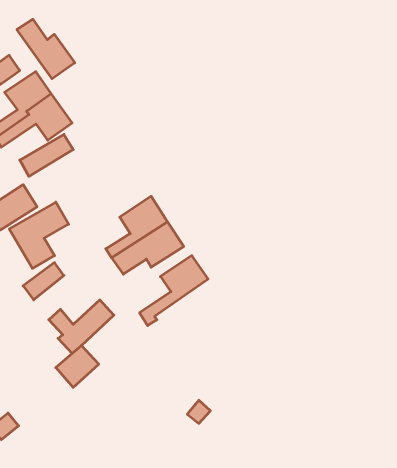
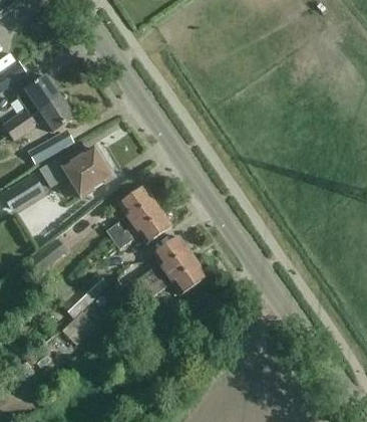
building: [17,19,75,79] -> none
building: none -> [39,148,110,196]
building: none -> [146,255,207,298]

